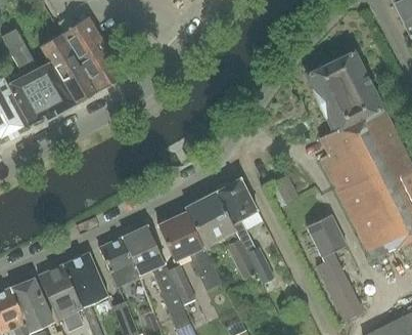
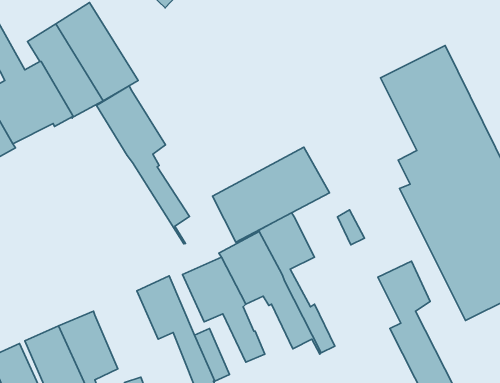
building: none -> [97,86,190,244]
building: none -> [212,147,329,242]
building: [99,236,139,287] -> none

